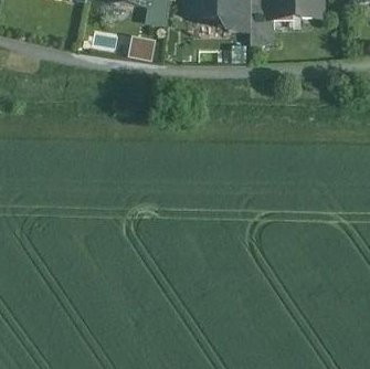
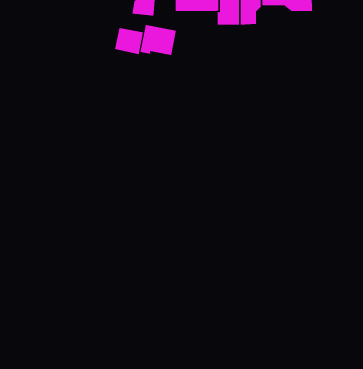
building: none -> [140,24,177,56]

